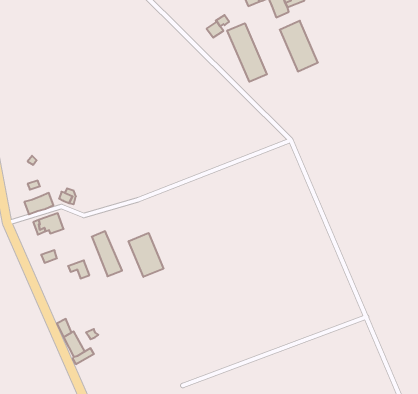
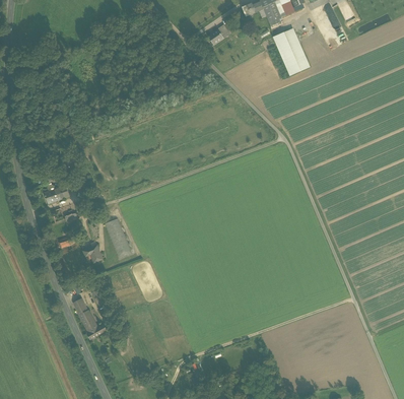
building: [227,23,267,82] -> none
building: [129,233,163,277] -> none

